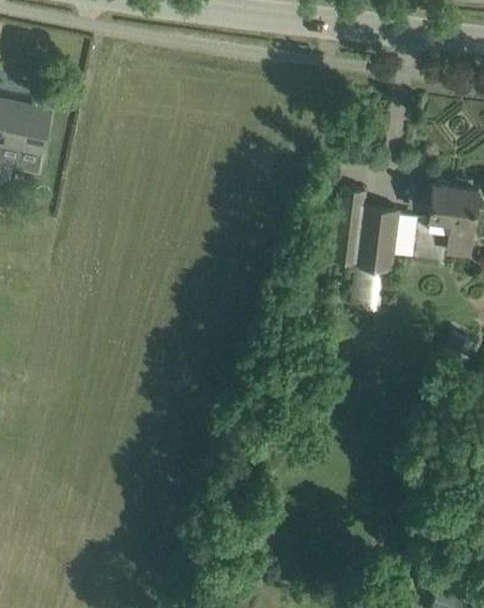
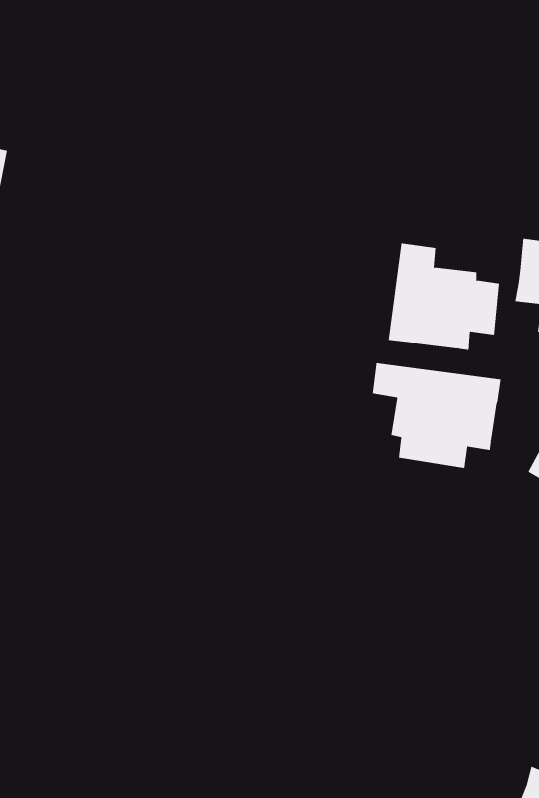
building: none -> [372,362,501,469]

